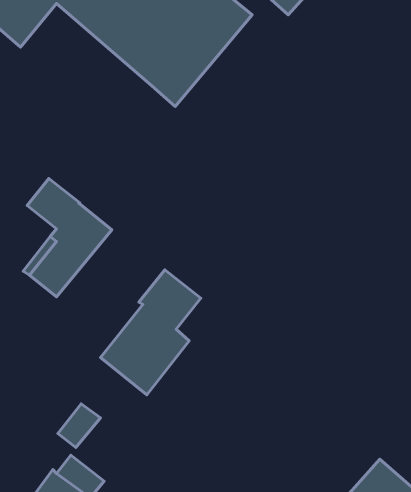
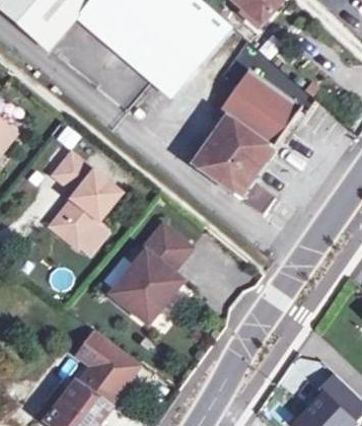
building: none -> [193,70,301,215]
building: none -> [87,342,137,392]

